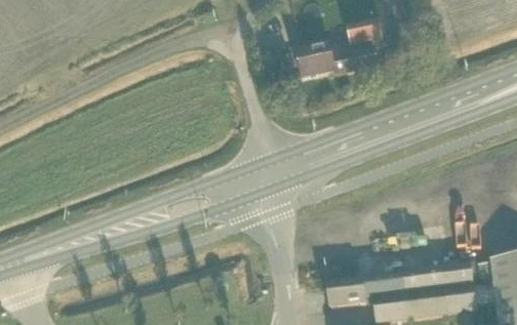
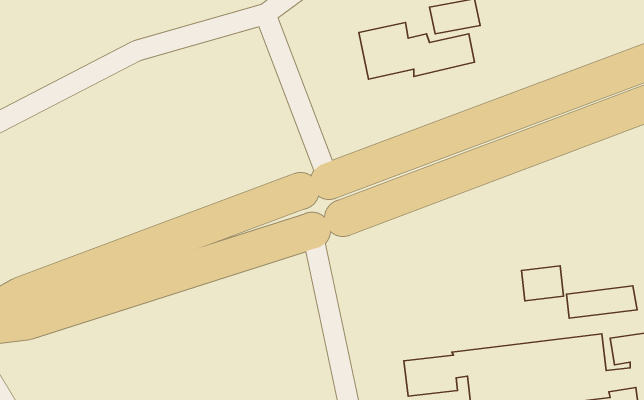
building: none -> [522,266,564,301]

